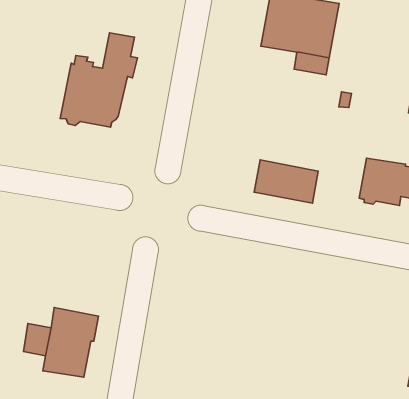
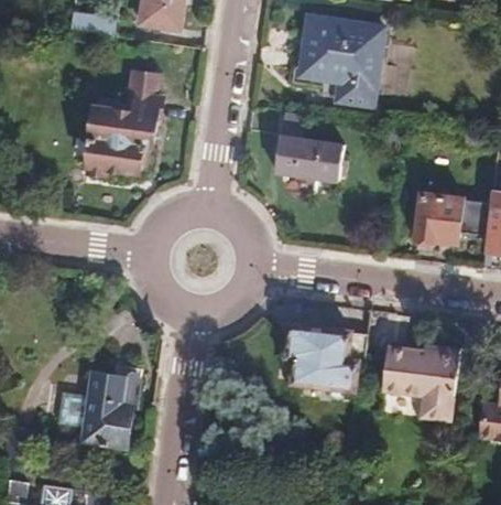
building: [254,160,318,203] -> [275,137,344,181]
building: none -> [287,325,364,389]
building: none -> [380,347,457,421]

